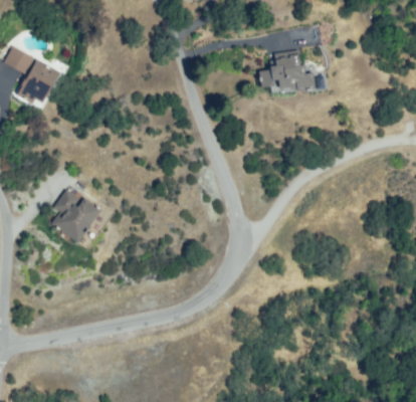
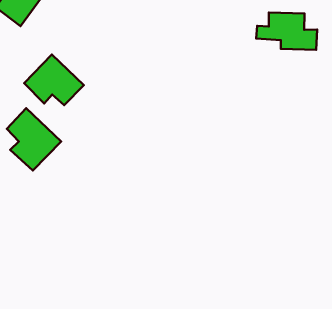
building: none -> [24,55,84,105]

